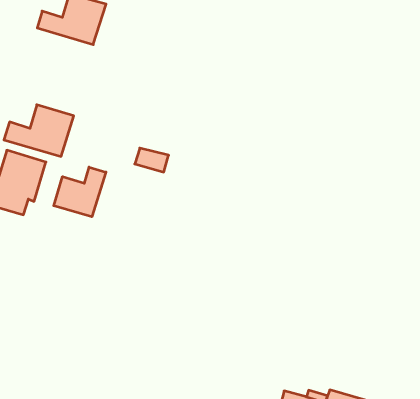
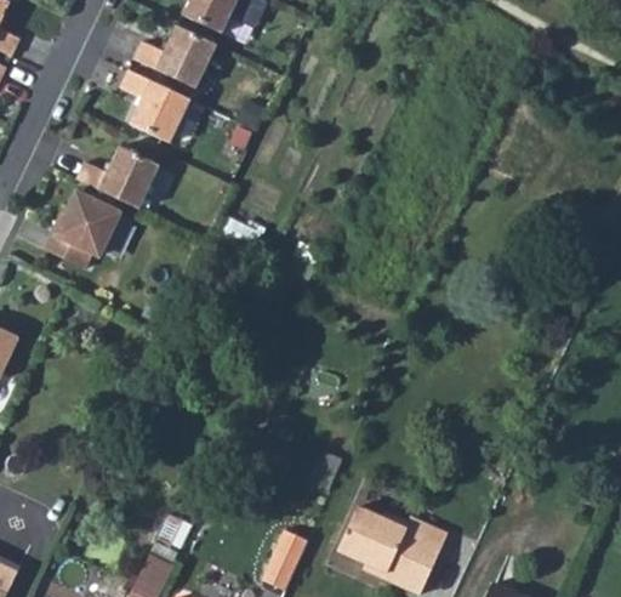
building: none -> [121,68,192,141]
building: [54,167,106,217] -> none

